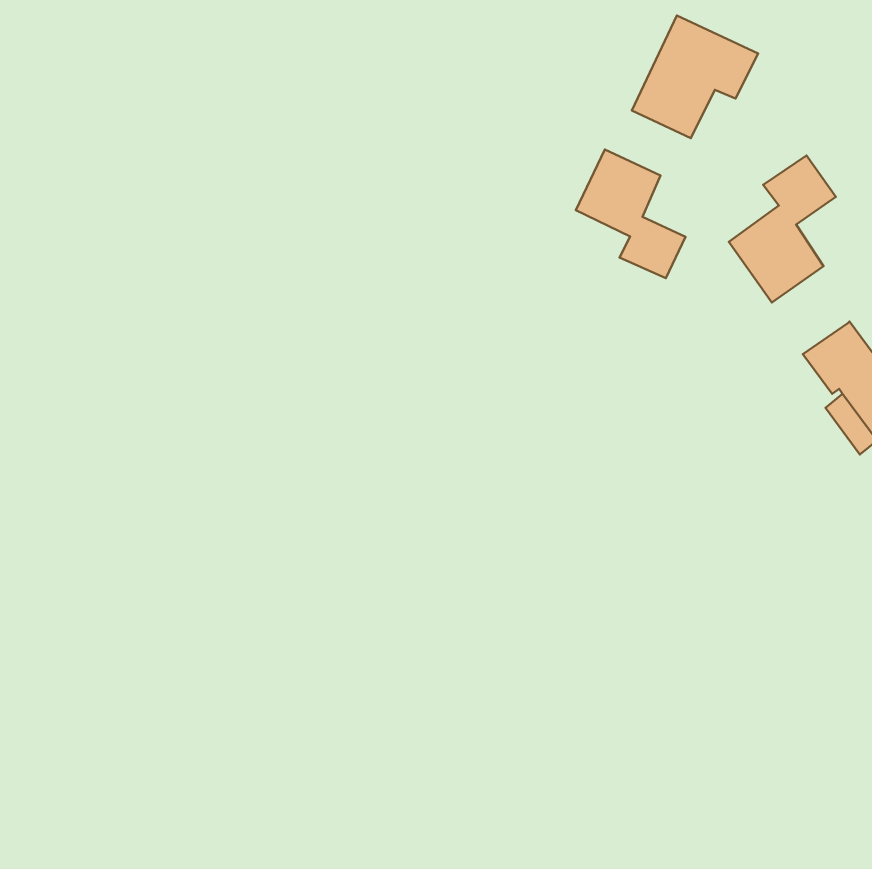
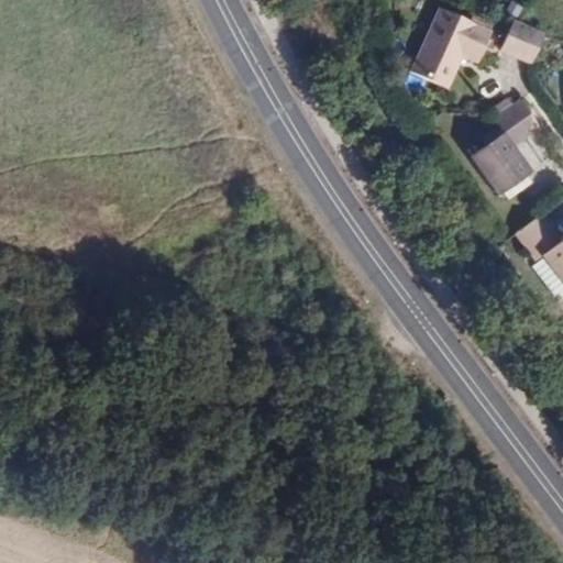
building: none -> [503,18,548,64]
building: [576,149,685,278] -> none

